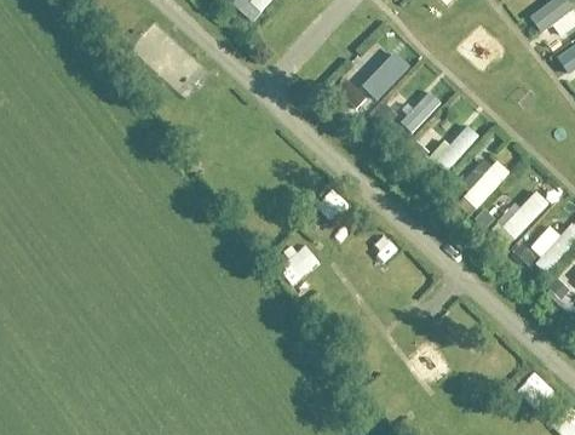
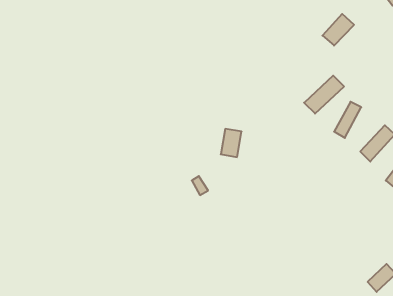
building: [362,52,406,98] -> none
building: [399,88,442,131] -> [322,14,354,46]

